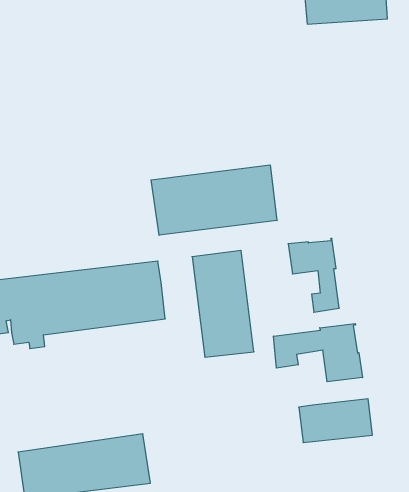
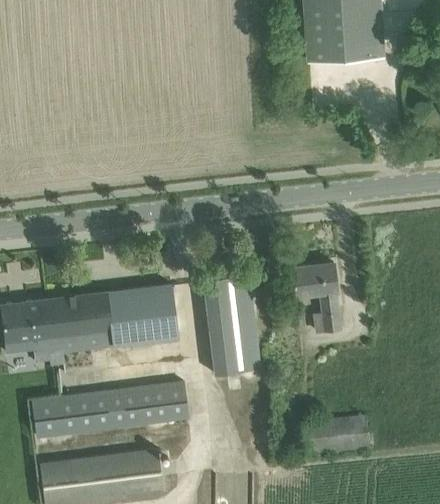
building: [151,165,277,235] -> none
building: [274,324,363,382] -> none
building: none -> [33,380,189,437]

